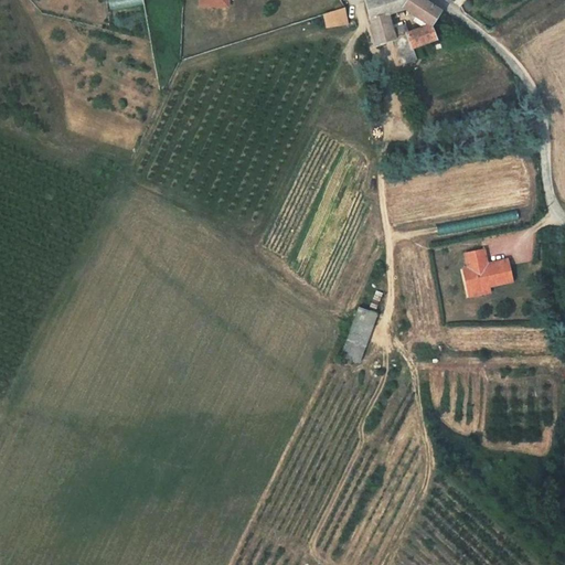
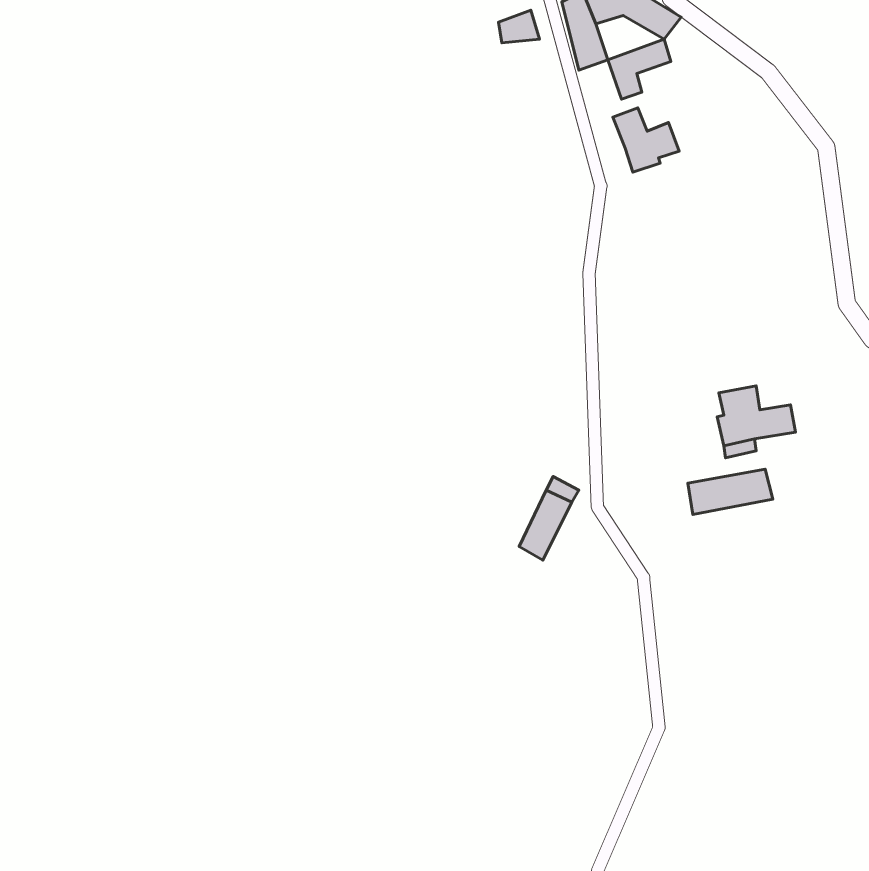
building: none -> [613,108,679,172]
building: none -> [688,469,773,515]

